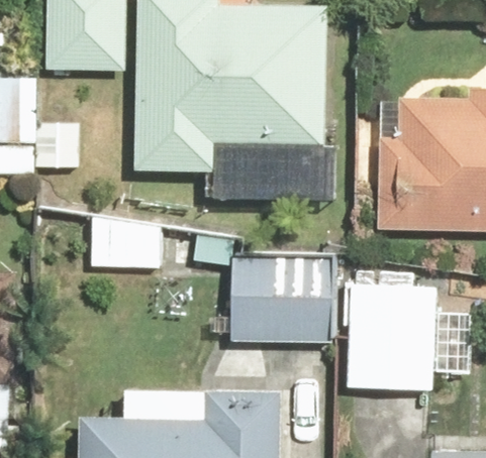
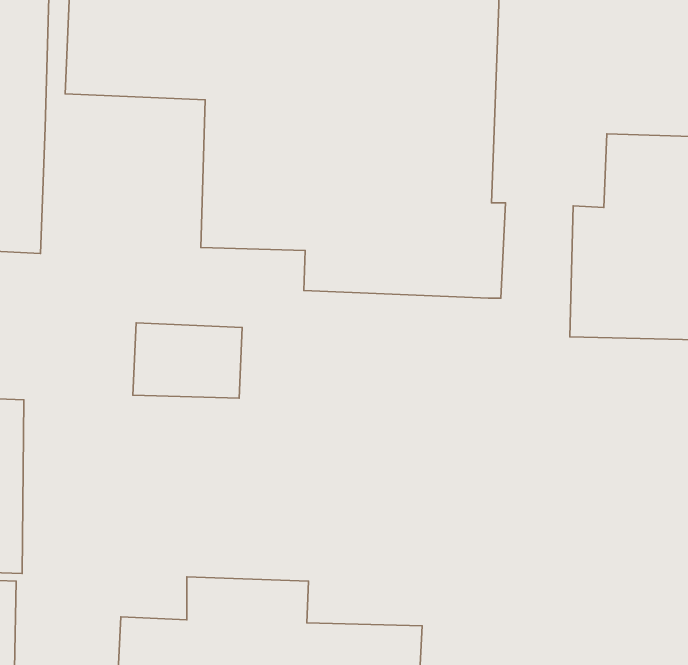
building: [227,259,331,344] -> none
building: [344,272,436,391] -> none

